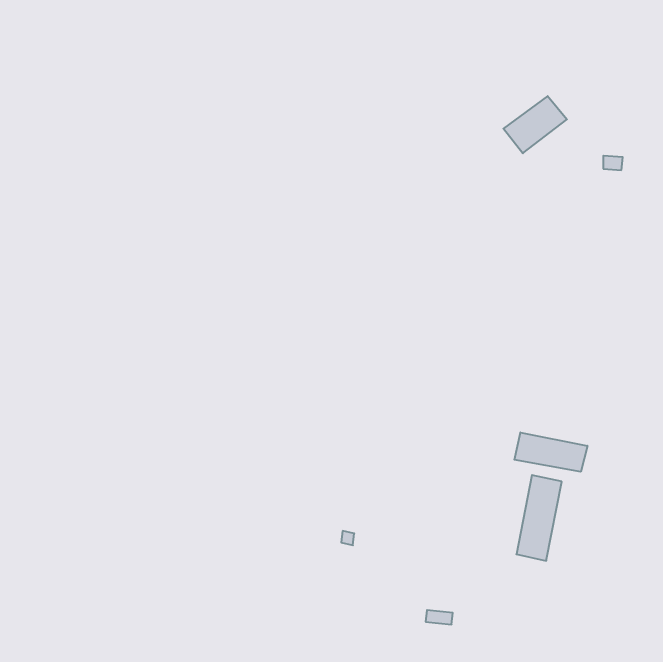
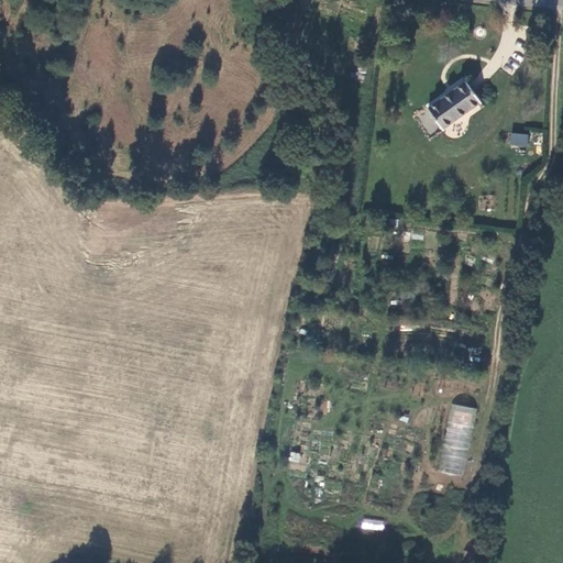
building: [514,432,587,472] -> none

